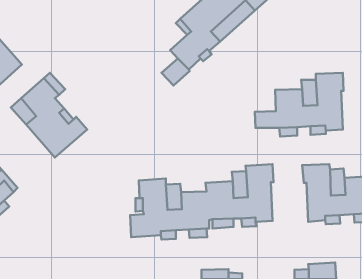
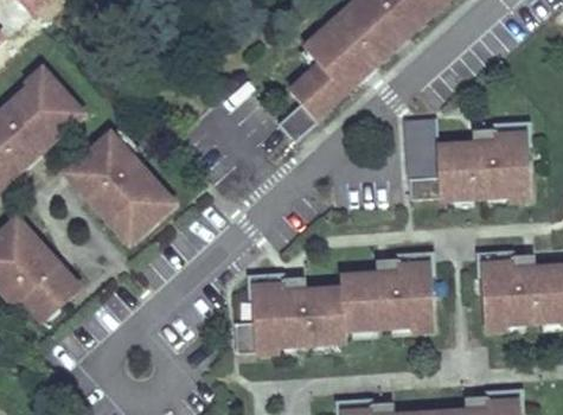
building: none -> [407,116,439,175]

